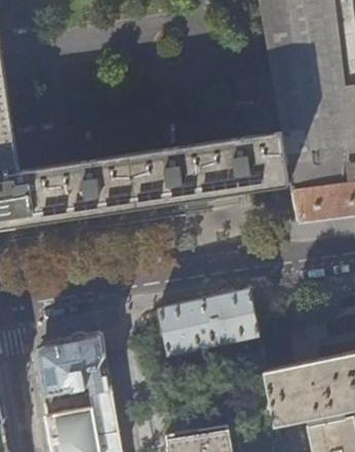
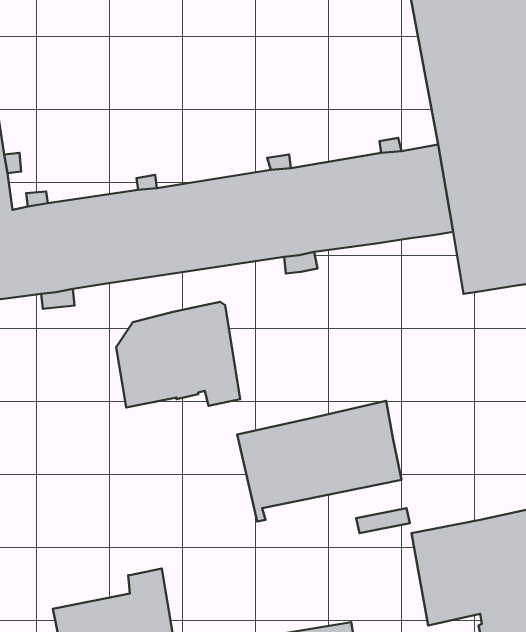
building: [36,332,112,397] -> [116,302,240,407]

